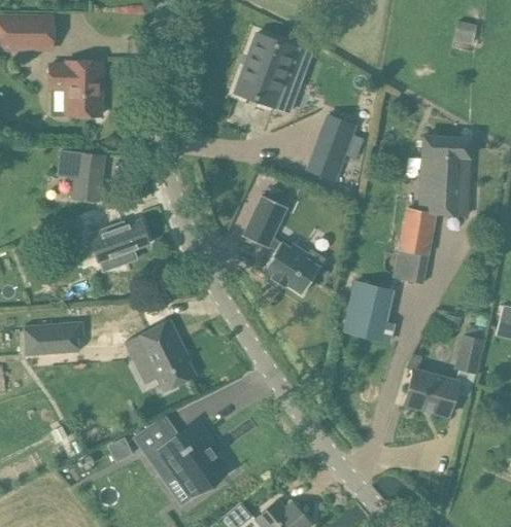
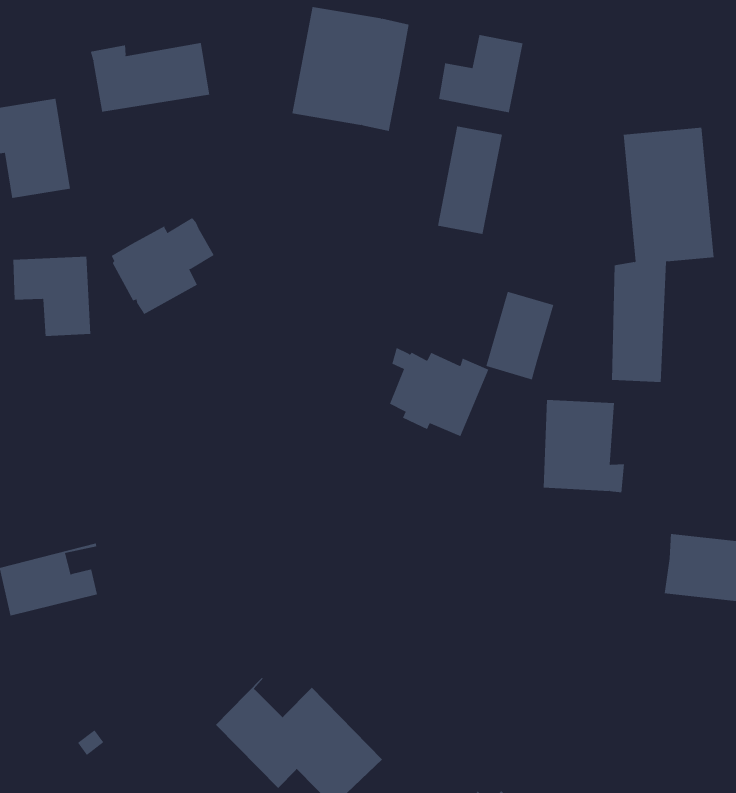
building: none -> [90,42,210,112]
building: none -> [438,34,523,113]
building: [242,195,287,248] -> [485,291,554,380]
building: [90,219,149,271] -> [111,218,215,315]
building: [126,319,196,392] -> none

